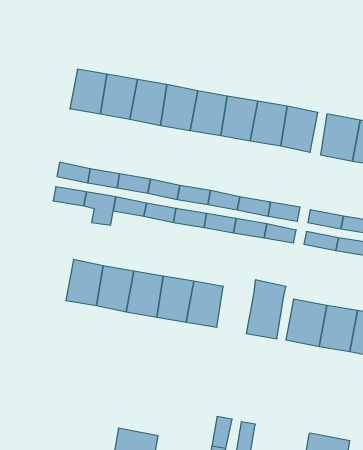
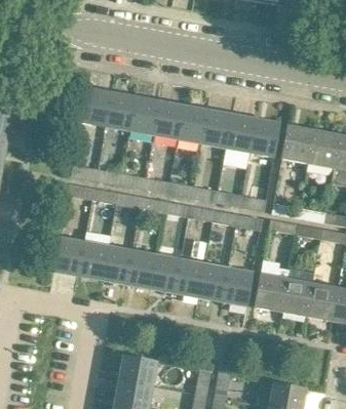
building: none -> [54,238,84,275]
building: none -> [199,263,229,301]
building: none -> [120,355,156,383]

